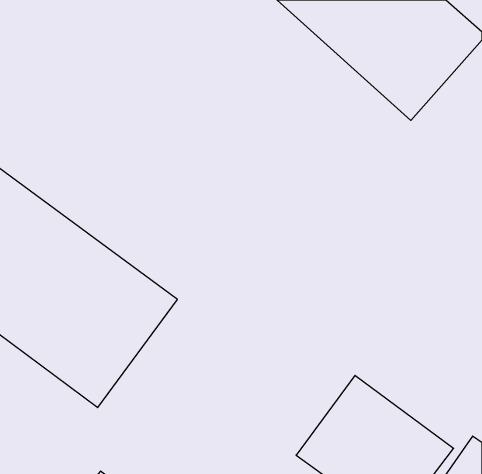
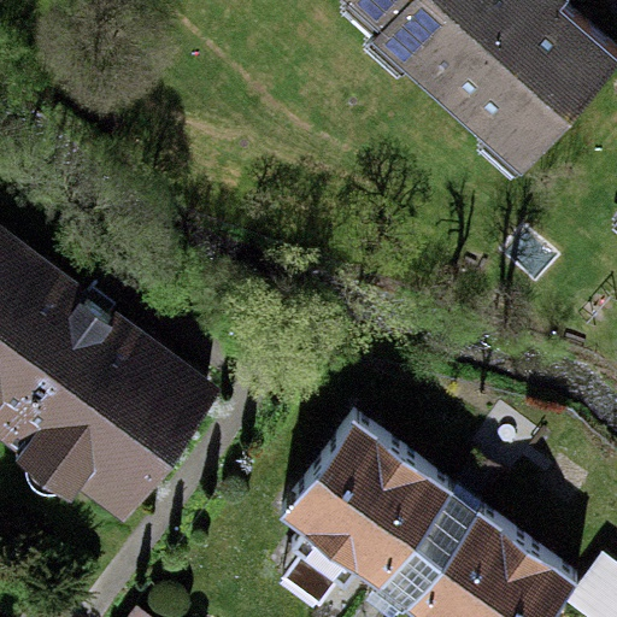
building: none -> [275,417,451,592]

